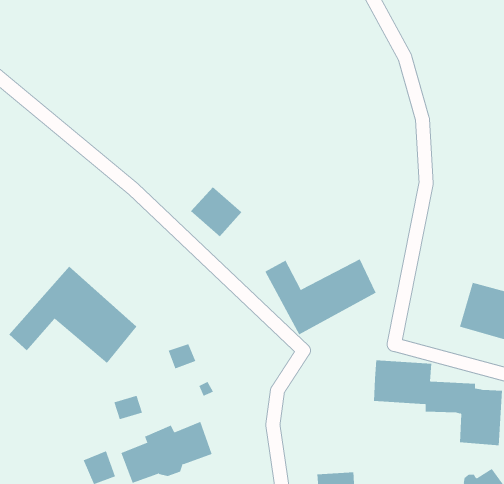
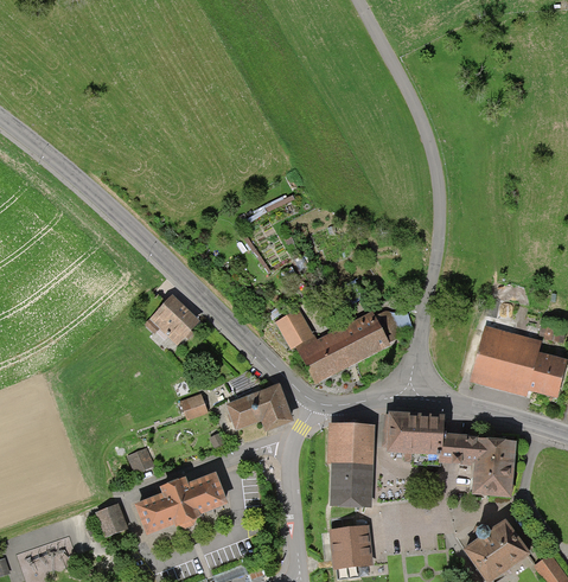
building: [190,186,242,237] -> [149,294,202,345]
building: [8,266,137,364] -> none
building: none -> [226,383,294,430]
building: none -> [330,422,374,507]

